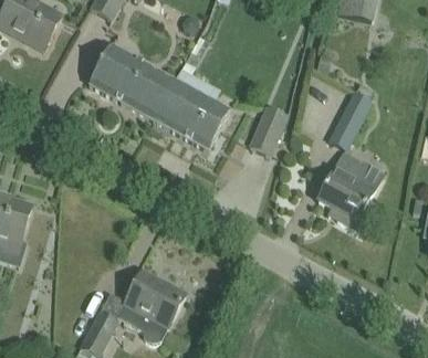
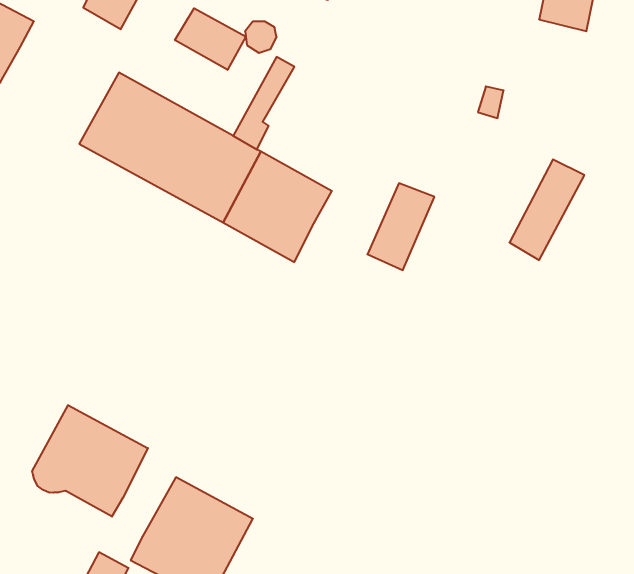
building: none -> [175,8,246,70]
building: [316,161,385,231] -> none
building: none -> [32,405,148,517]

